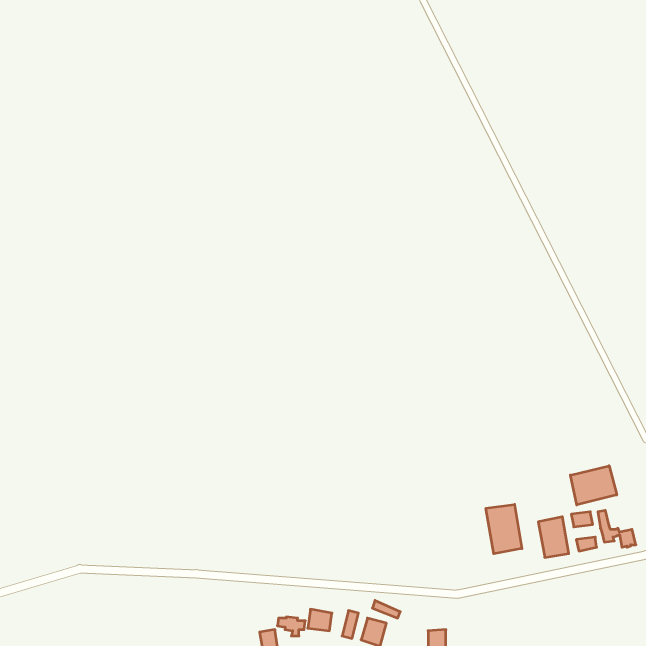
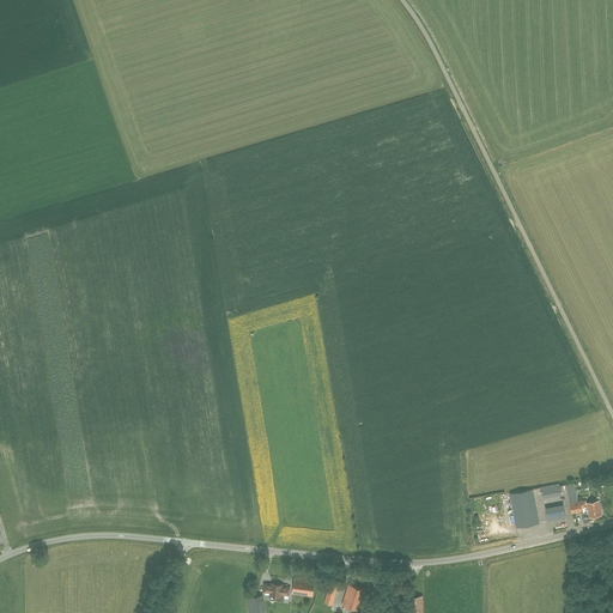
building: [570,466,617,505] -> none
building: [486,504,522,554] -> none

